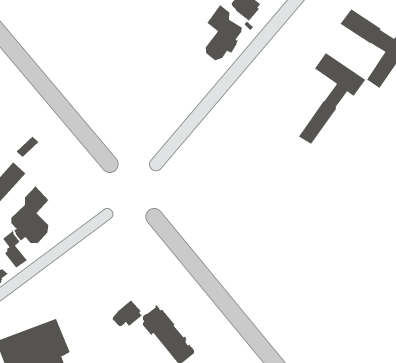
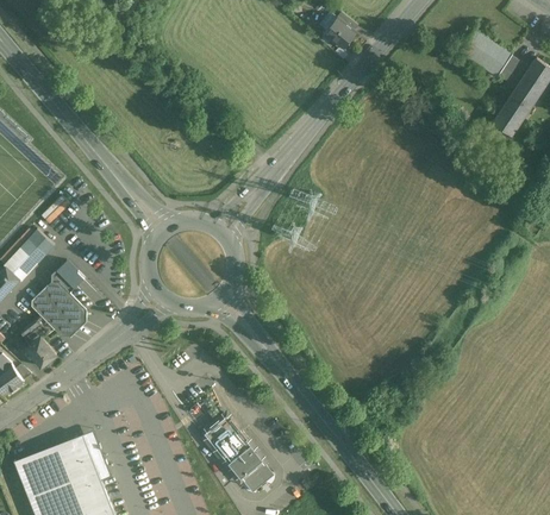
building: [205,4,242,61] -> none
building: [297,52,366,145] -> none
building: [112,300,143,327] -> none

